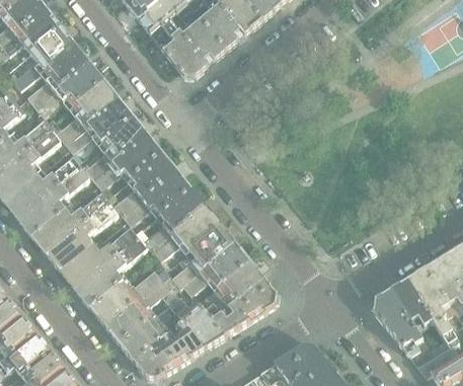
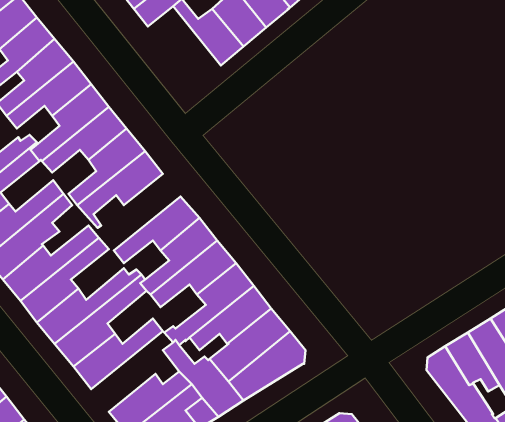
building: [150,17,209,76] -> none
building: [114,152,176,214] -> none
building: [104,279,170,343] -> none

